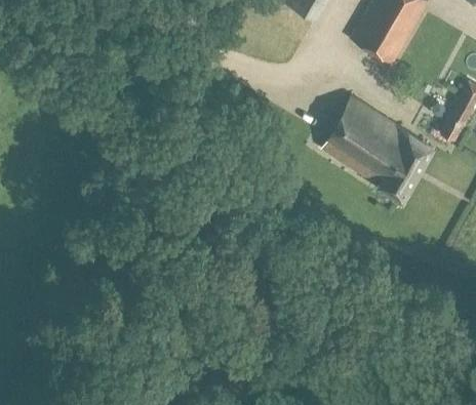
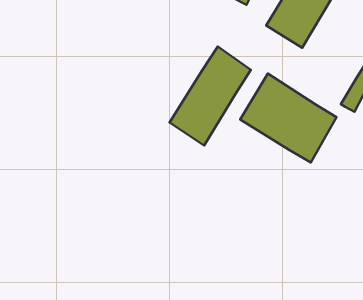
building: none -> [170,46,251,146]

